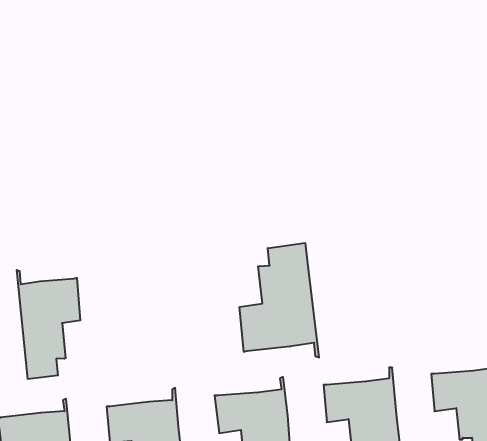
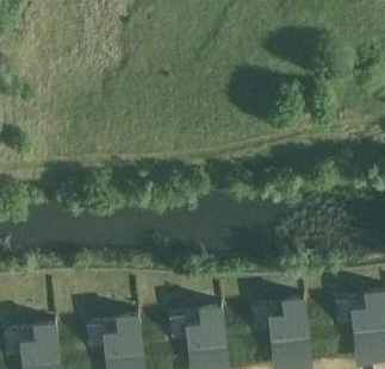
building: [240,243,319,358] -> none
building: [17,270,80,379] -> none

